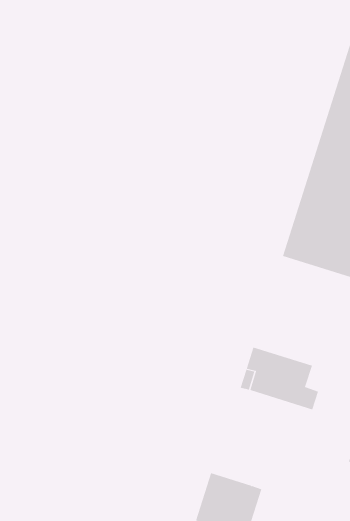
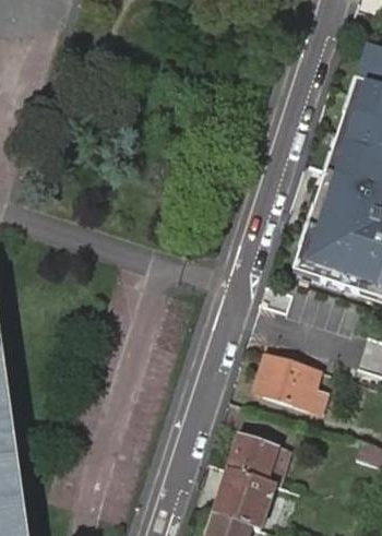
building: none -> [227,436,289,487]

